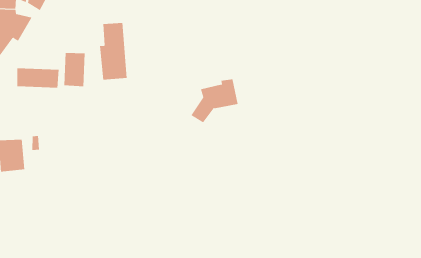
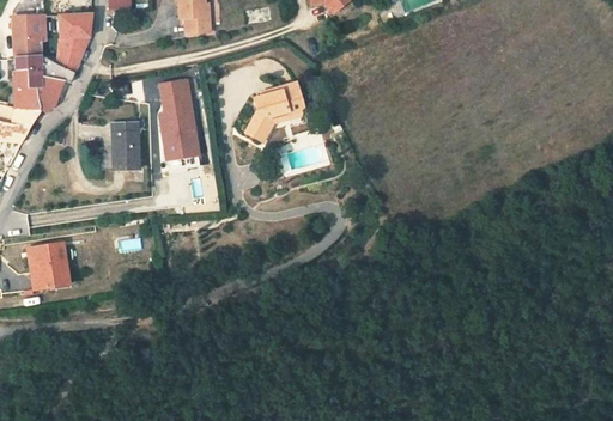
building: [17,68,59,88] -> none
building: [191,79,239,123] -> [244,80,308,142]

